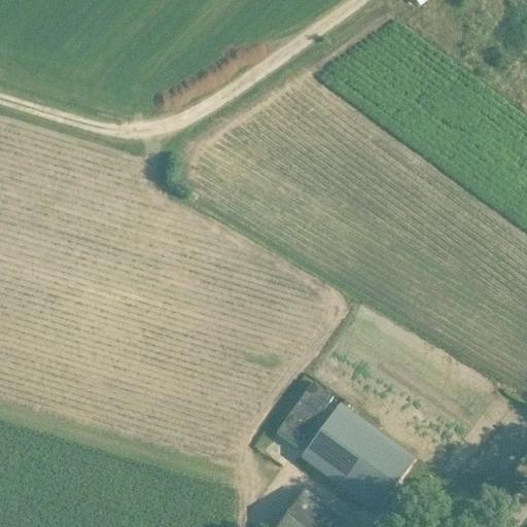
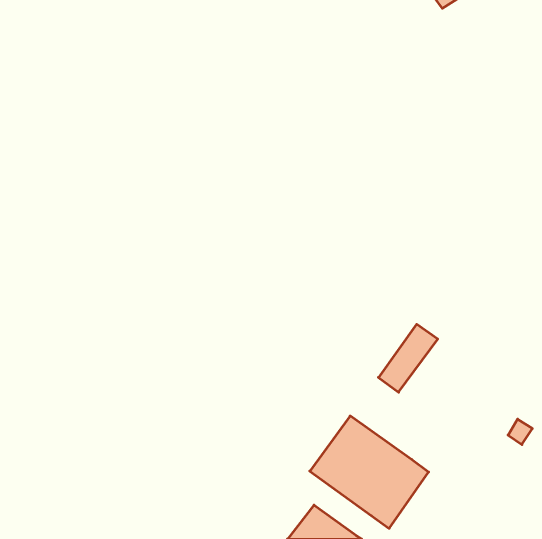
building: [276,381,333,447] -> [378,324,438,392]

